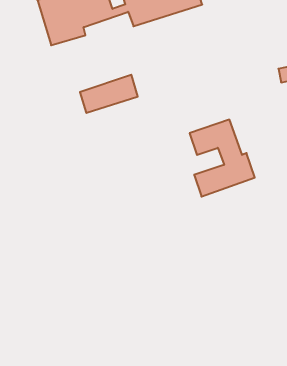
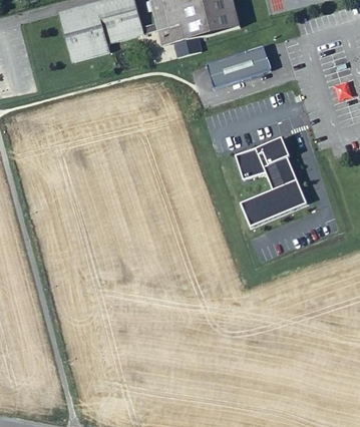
building: [80,75,138,113] -> [206,47,270,89]

